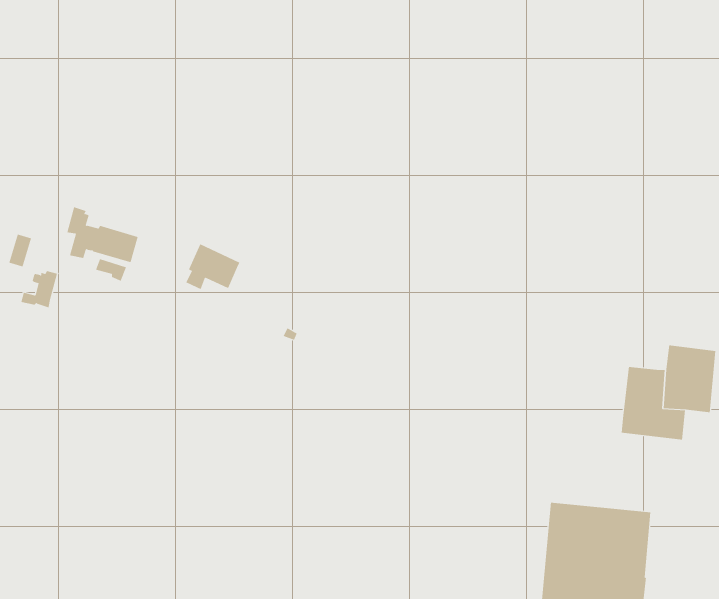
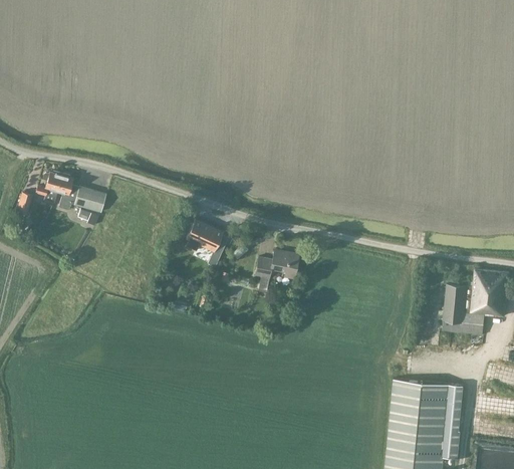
building: [185,244,240,290] -> [185,219,223,251]
building: [20,271,58,308] -> [36,171,62,197]
building: none -> [255,250,299,290]

